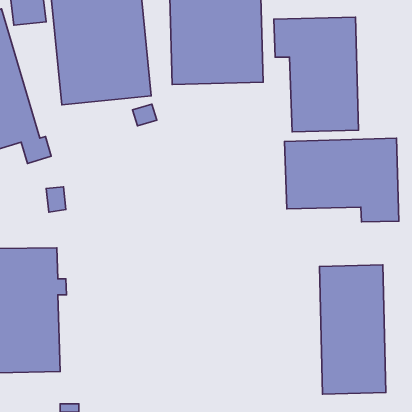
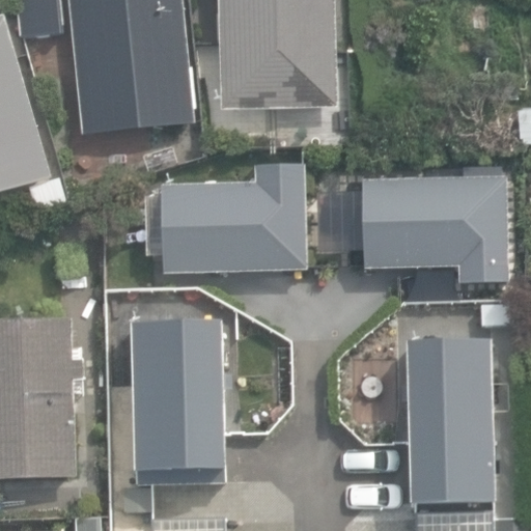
building: [274,17,359,132] -> none
building: none -> [143,163,306,272]
building: none -> [131,319,225,484]

